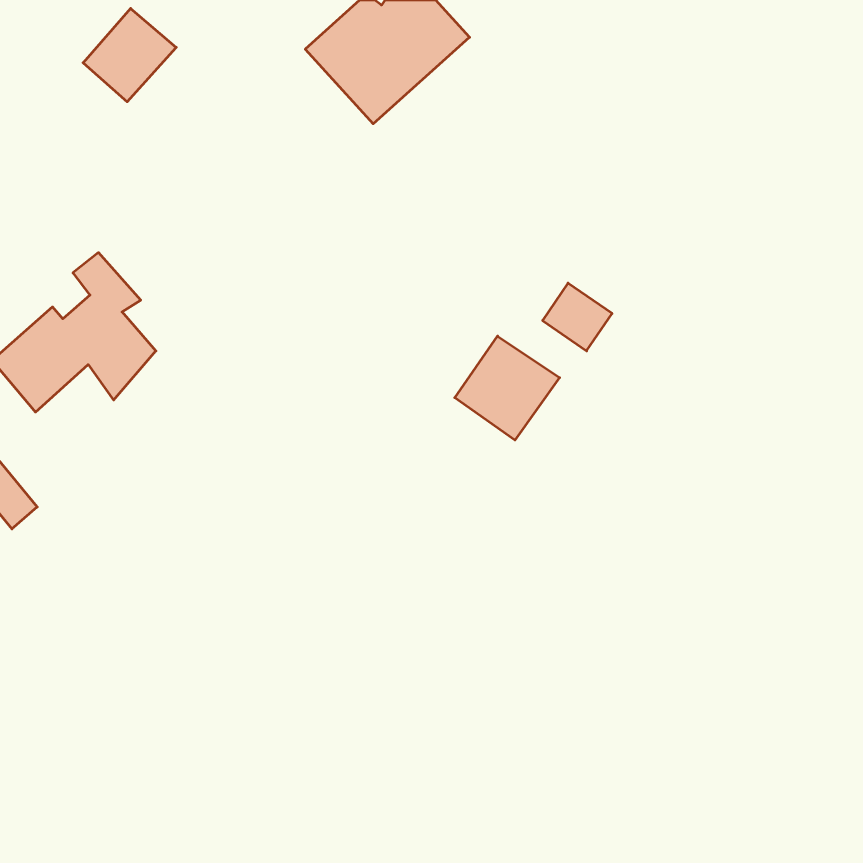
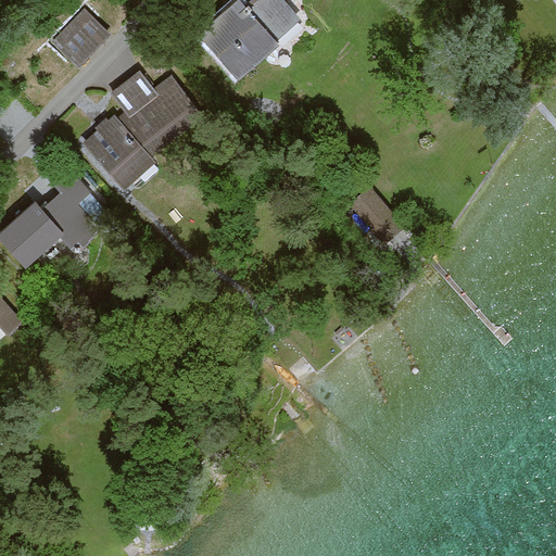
building: none -> [80,70,198,190]
building: [455,336,560,440] -> none

